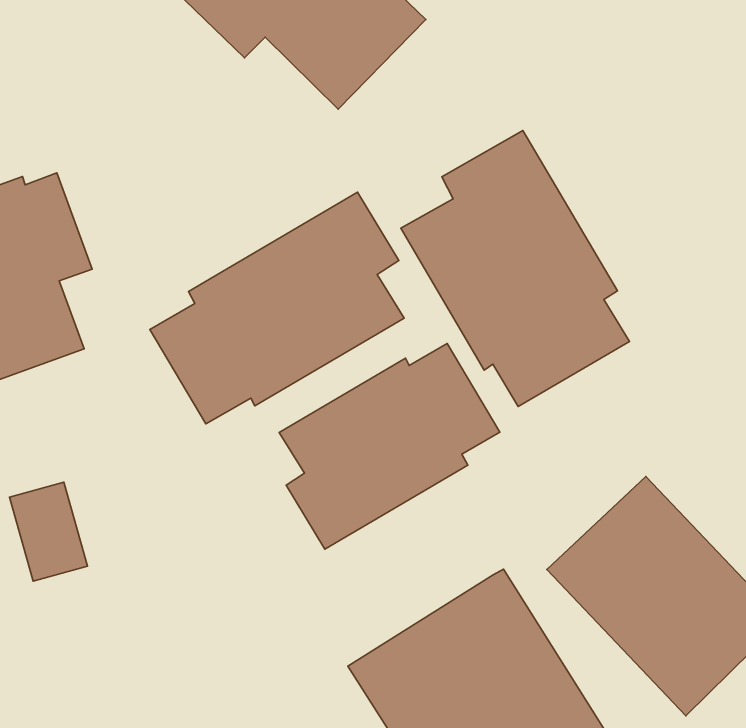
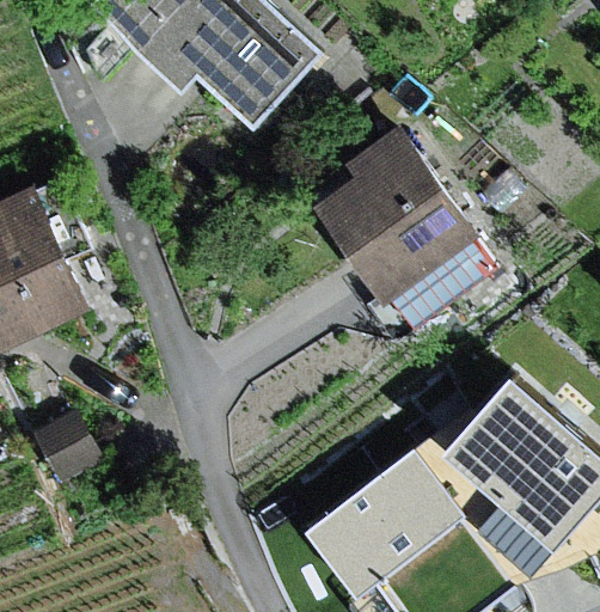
building: [150,192,404,424] -> none
building: [279,344,500,549] -> none

